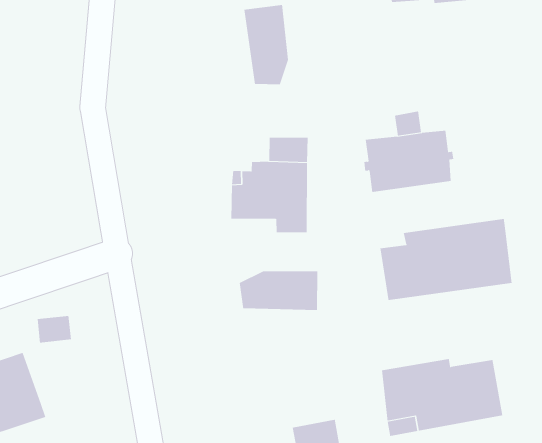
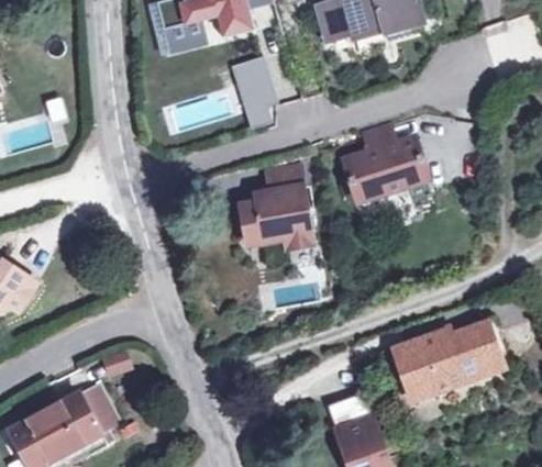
building: [380,218,512,301] -> none
building: [239,271,318,311] -> none

